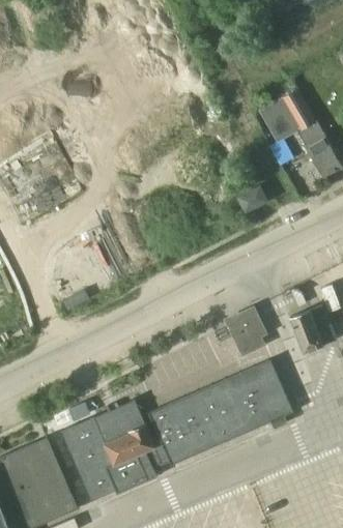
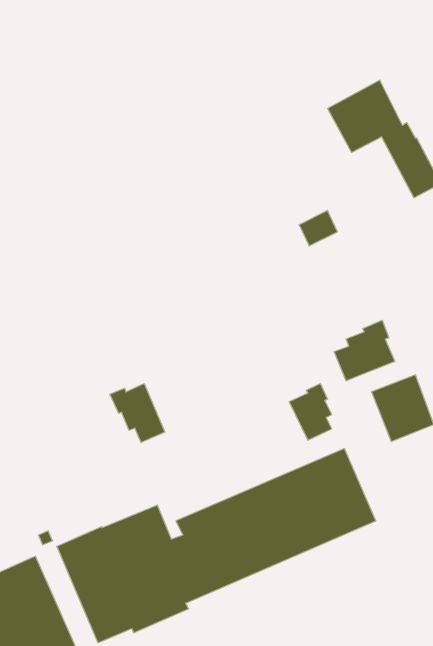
building: none -> [334,320,395,381]
building: none -> [110,384,165,443]

